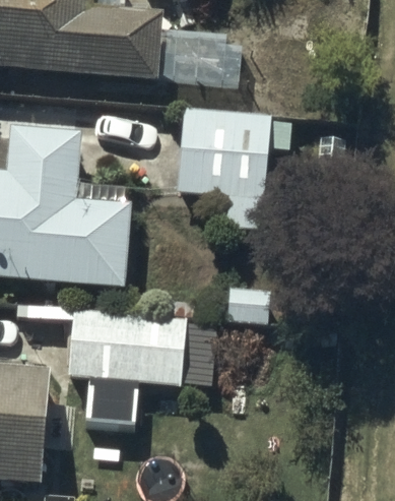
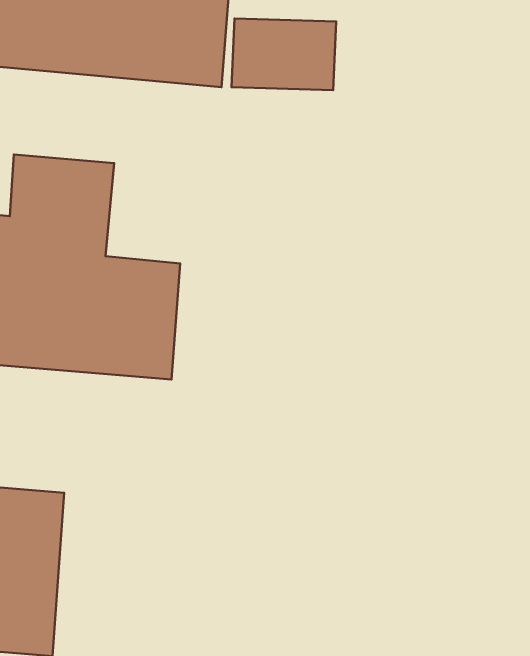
building: [178,109,290,226] -> none
building: [67,309,186,385] -> none

